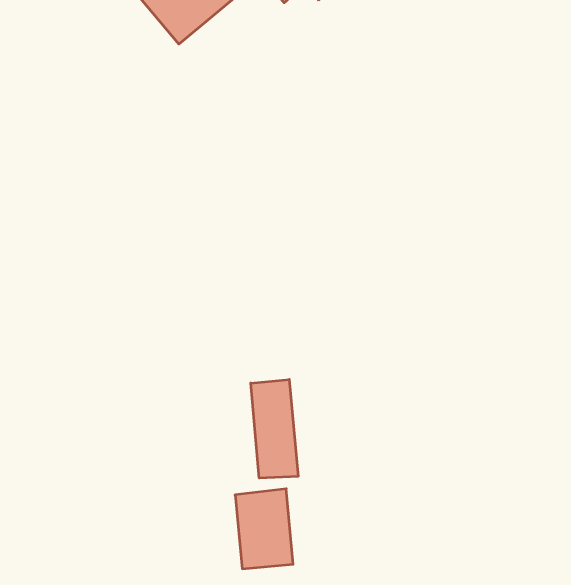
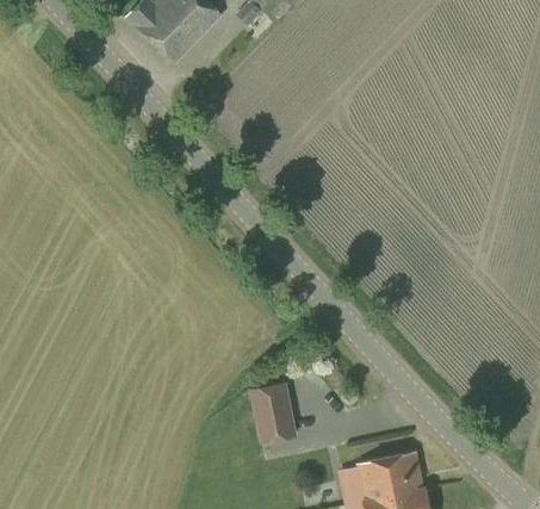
building: [251,379,298,478] -> none

